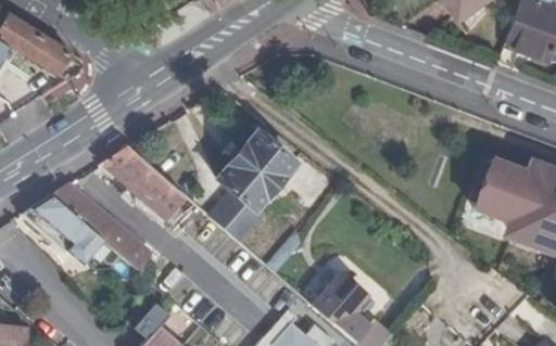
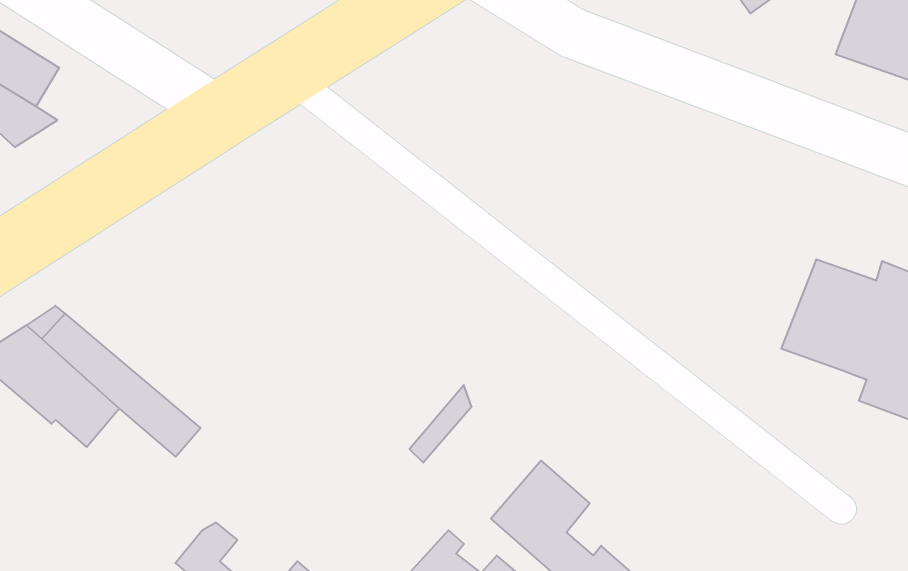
building: [211,131,295,242] -> none
building: [102,148,186,219] -> none

